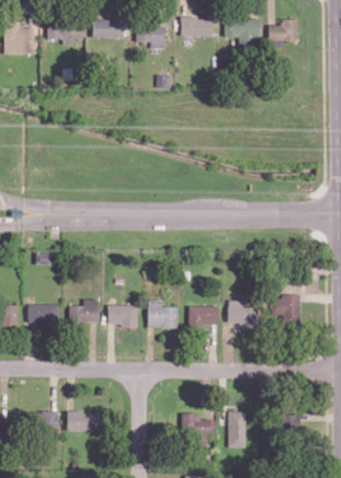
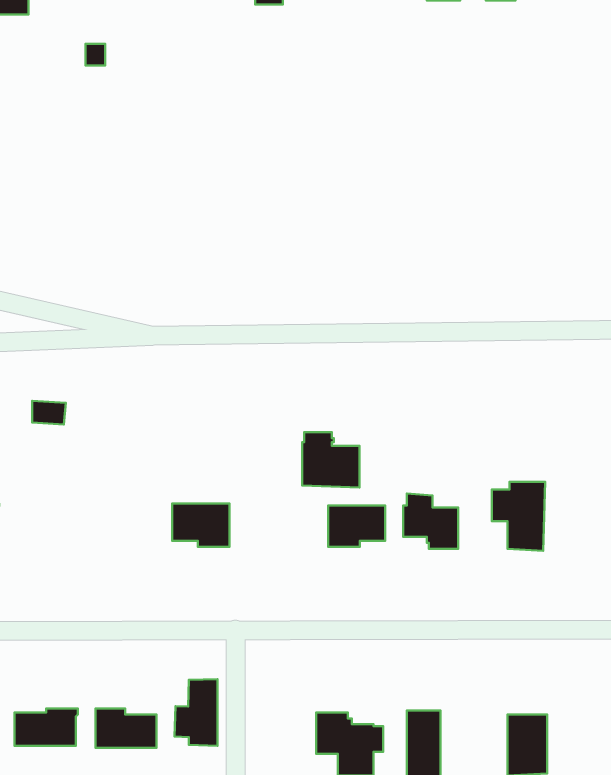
building: [69,299,98,327] -> none
building: [147,300,177,329] -> [302,432,359,487]
building: [28,305,58,328] -> none
building: none -> [175,679,217,746]

